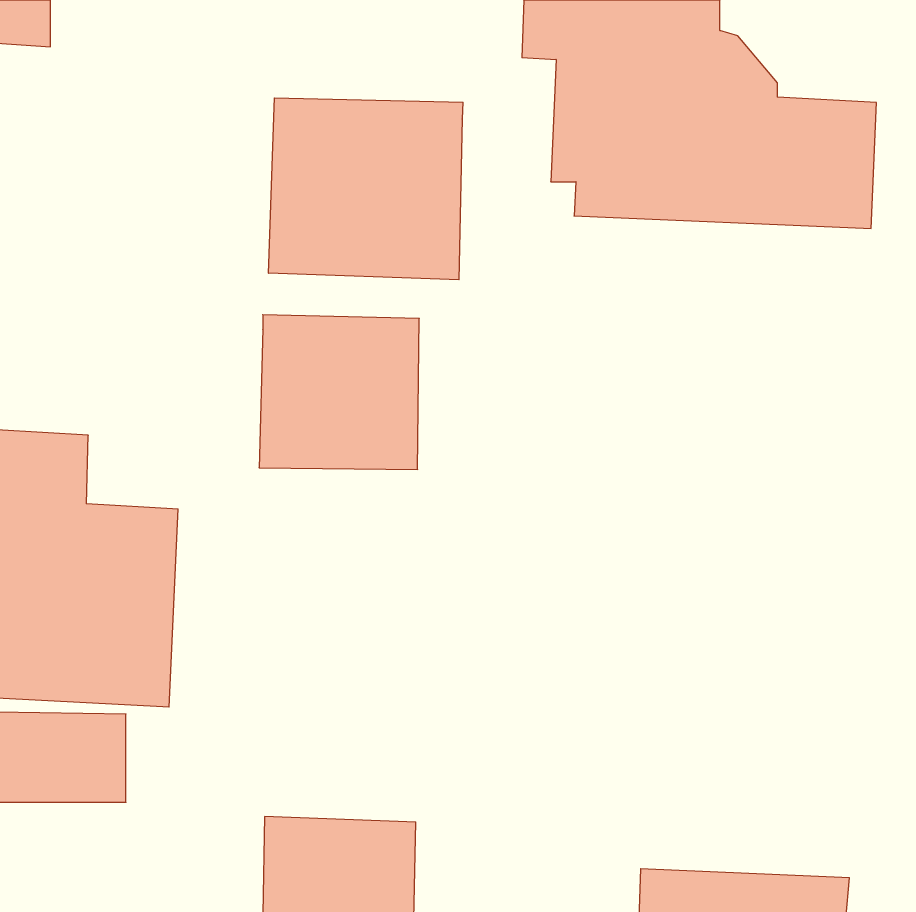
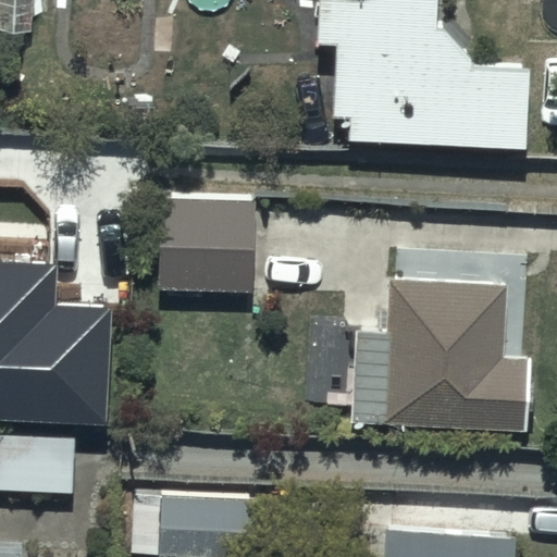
building: [269,98,463,280] -> none
building: none -> [349,278,529,426]

